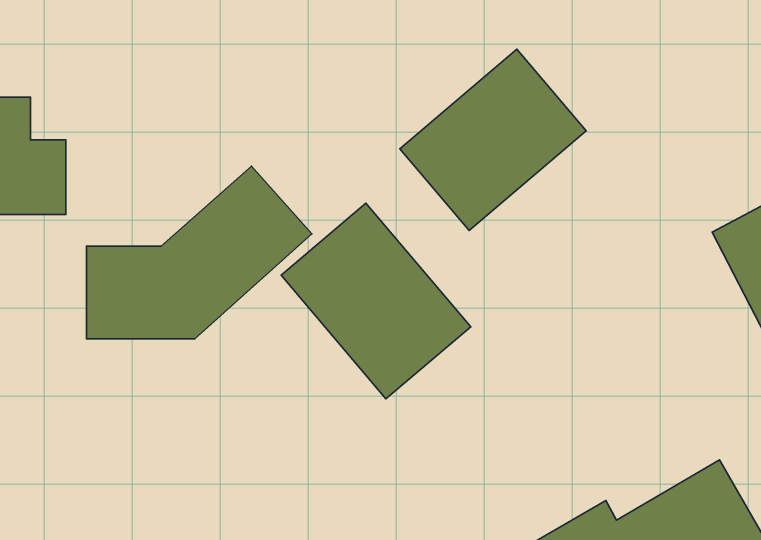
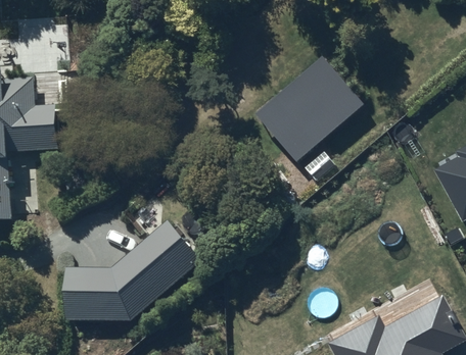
building: [86,166,312,339] -> [74,223,203,322]
building: [281,203,471,399] -> none

